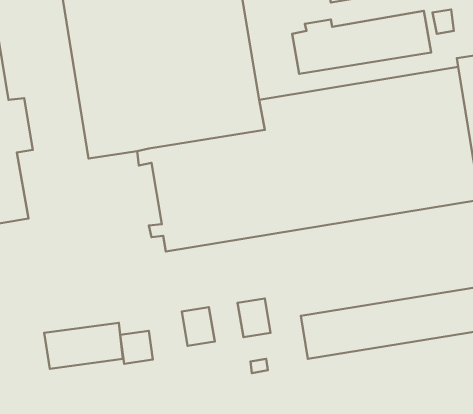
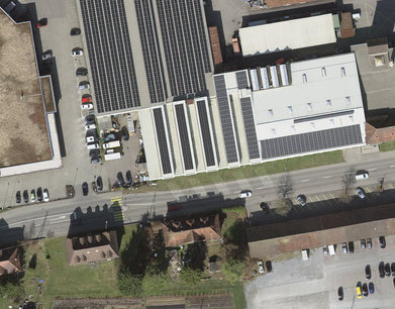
building: none -> [181,218,205,245]
building: [120,331,153,364] -> none

